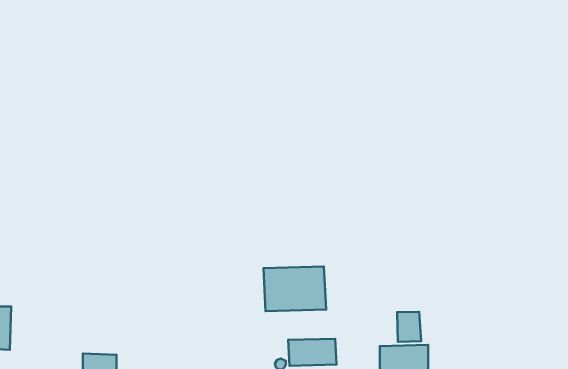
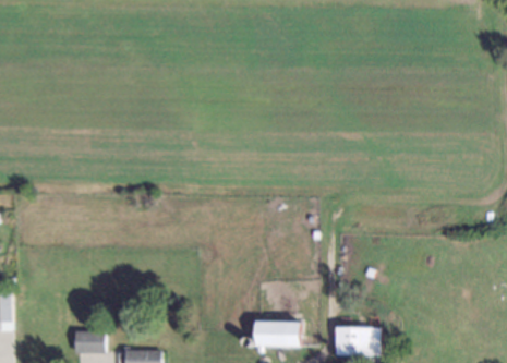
building: [263,267,326,311] -> none
building: [397,312,421,342] -> none

